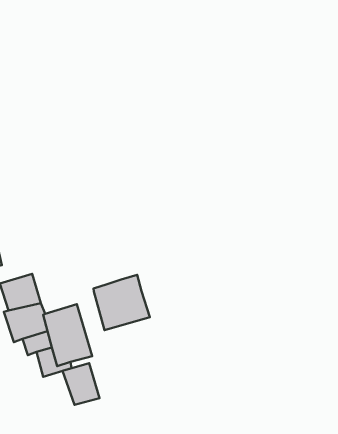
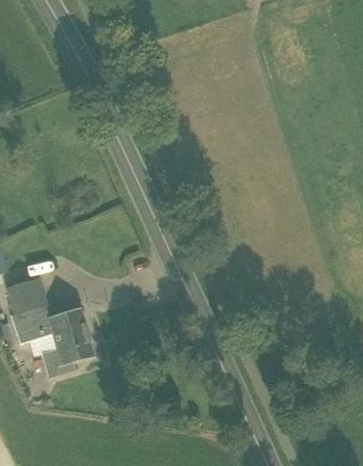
building: [93,275,150,330] -> none
building: [62,363,99,405] -> none

